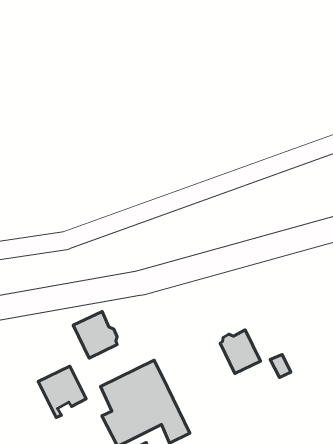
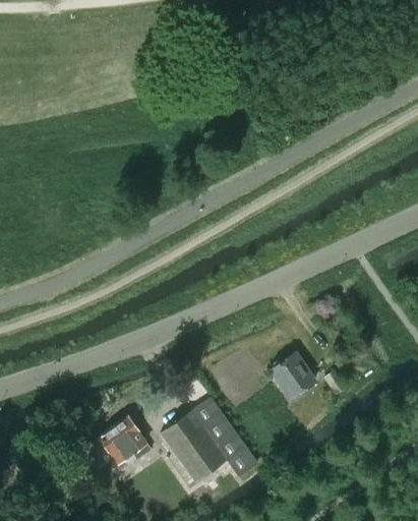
building: [73,311,117,358] -> none

